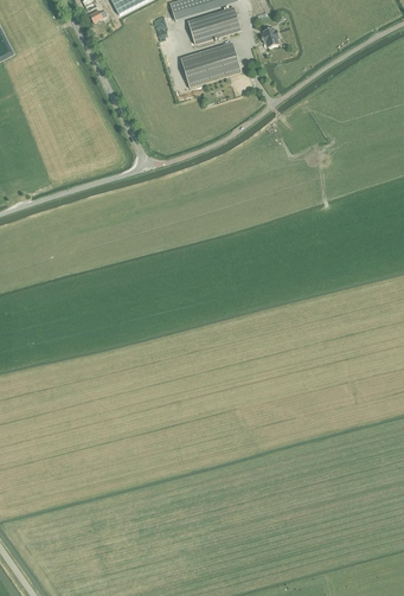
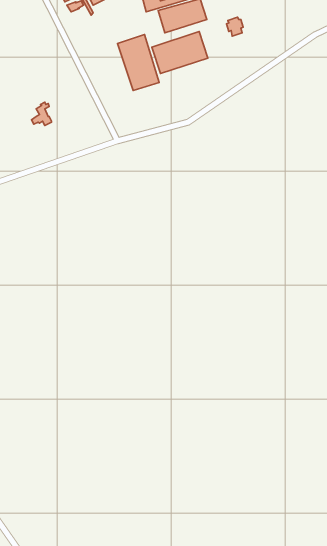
building: none -> [117,35,159,91]

